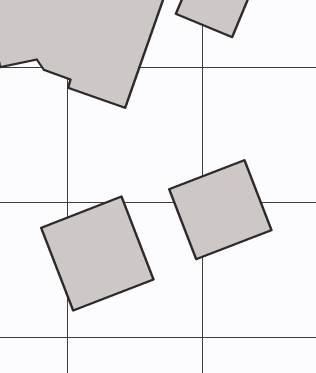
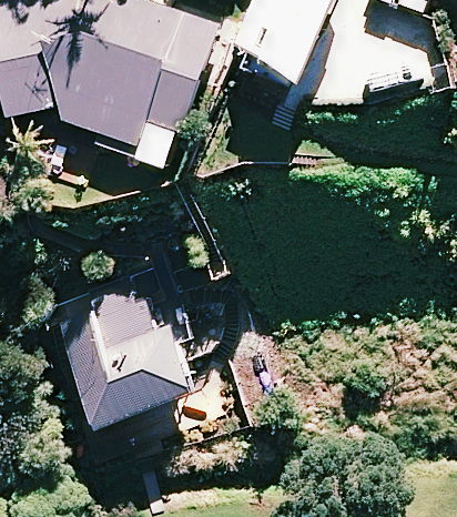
building: [169,160,271,259] -> none

